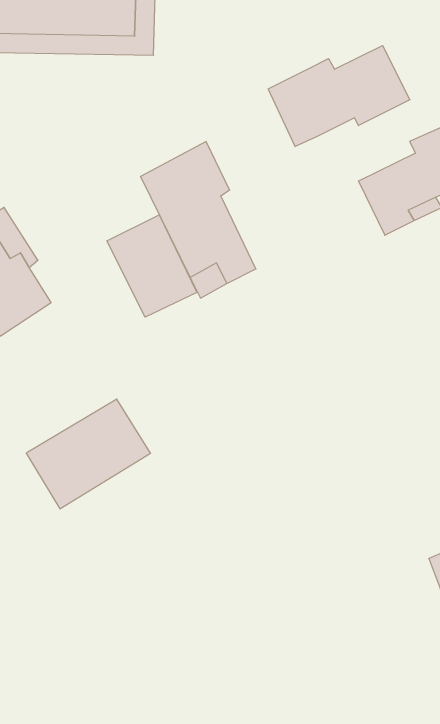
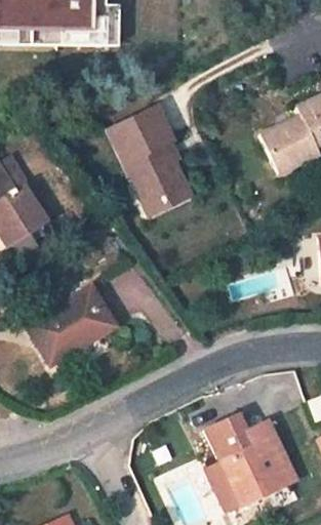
building: [268,46,410,147] -> none
building: [107,215,197,317] -> none
building: none -> [208,415,297,511]

